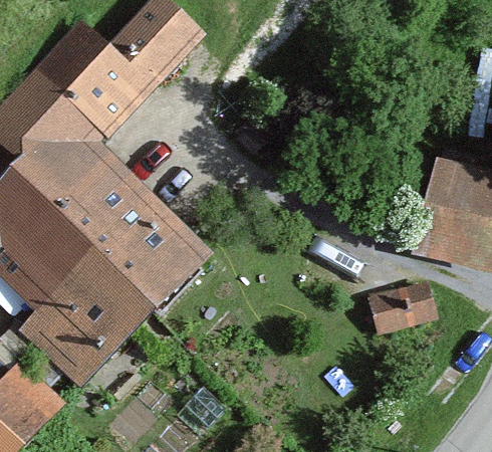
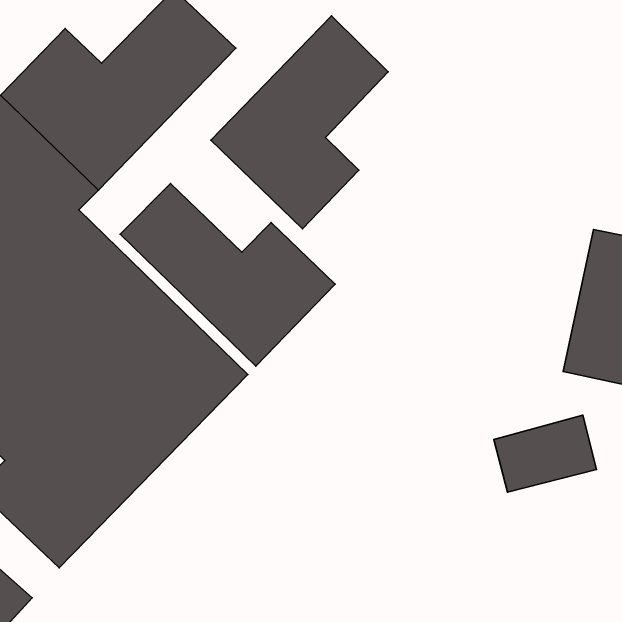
building: none -> [211,16,388,229]
building: none -> [120,184,335,366]

